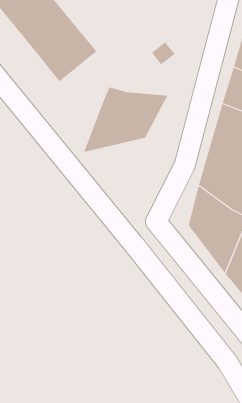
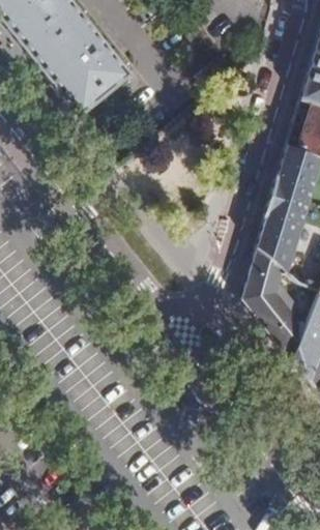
building: [83,87,168,153] -> none

